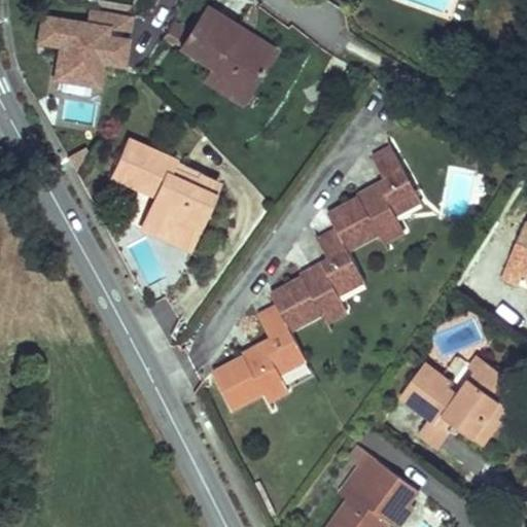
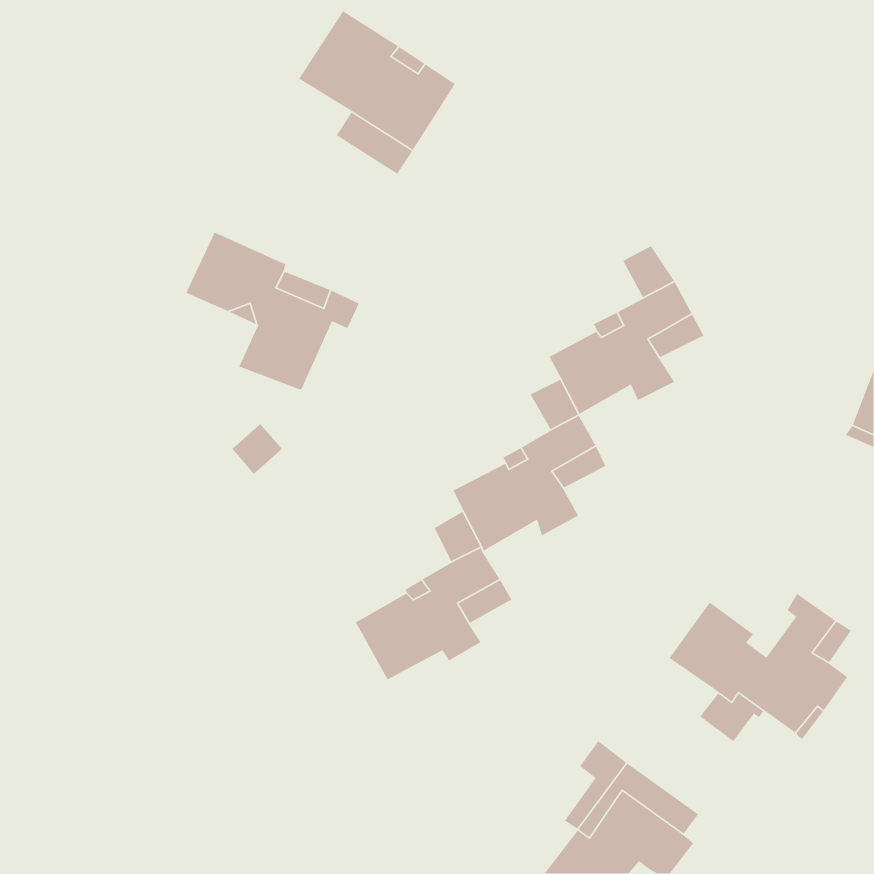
building: [37,9,131,93] -> none
building: [140,194,209,247] -> none

